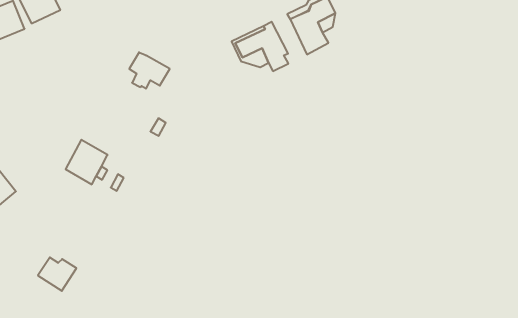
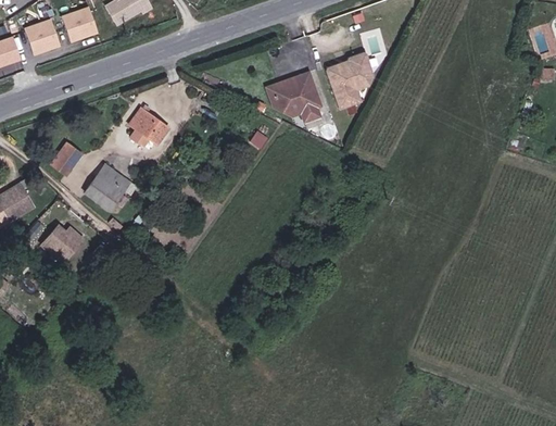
building: [129,52,170,89] -> [128,109,168,146]
building: none -> [50,143,80,174]
building: [38,257,76,291] -> [42,226,81,261]

